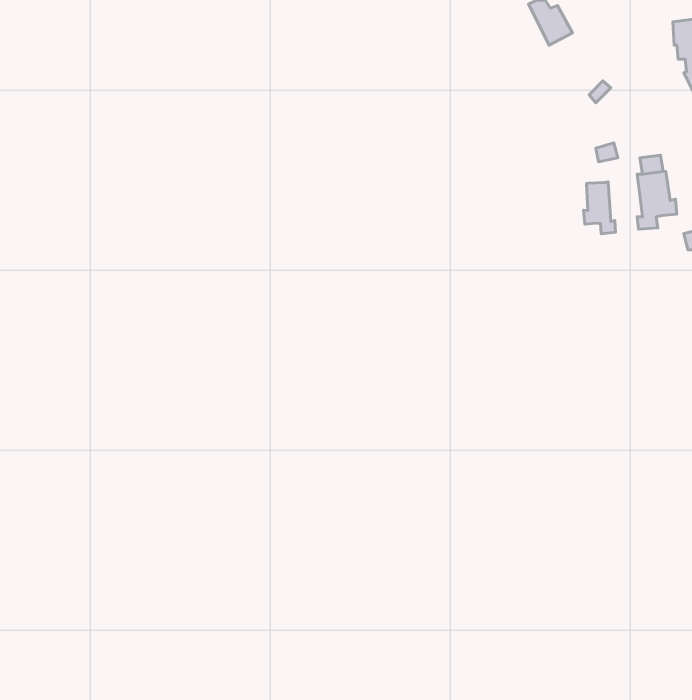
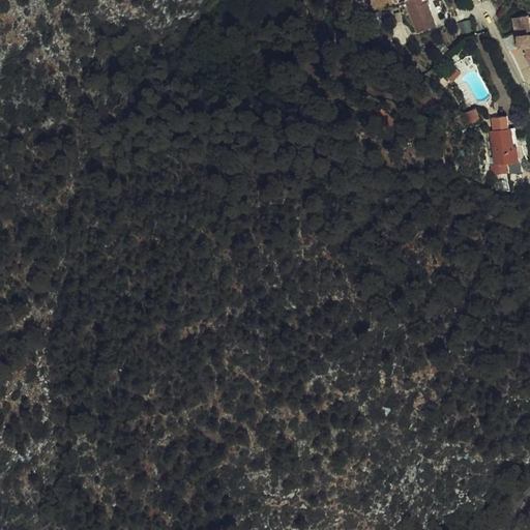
building: [584,182,616,234] -> none

